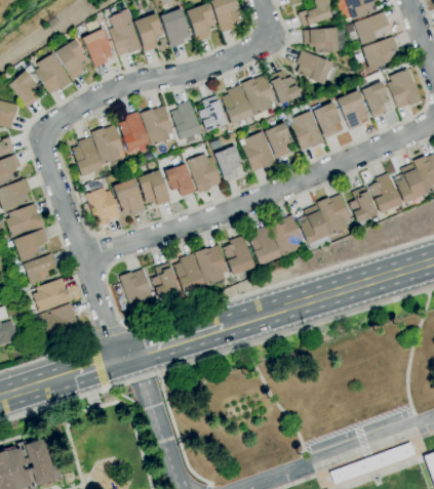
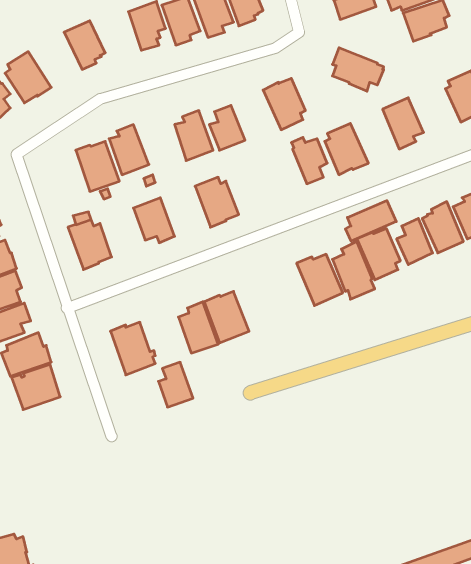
building: [110,16,143,55] -> none
building: [305,23,340,52] -> none
building: [363,35,399,69] -> none
building: [56,39,90,79] -> none
building: [270,70,302,104] -> none
building: [360,80,391,117] -> none
building: [222,84,254,126] -> none
building: [313,101,342,137] -> none
building: [141,106,174,146] -> none
building: [241,130,277,171] -> none
building: [73,135,104,175] -> none
building: [215,146,243,180] -> none
building: [165,163,196,197] -> none
building: none -> [345,201,396,241]
building: [115,178,146,213] -> none
building: [249,225,281,269] -> none
building: [224,235,254,275] -> none
building: [152,262,180,298] -> [158,362,193,407]

